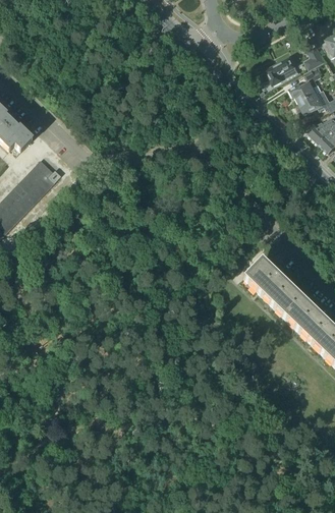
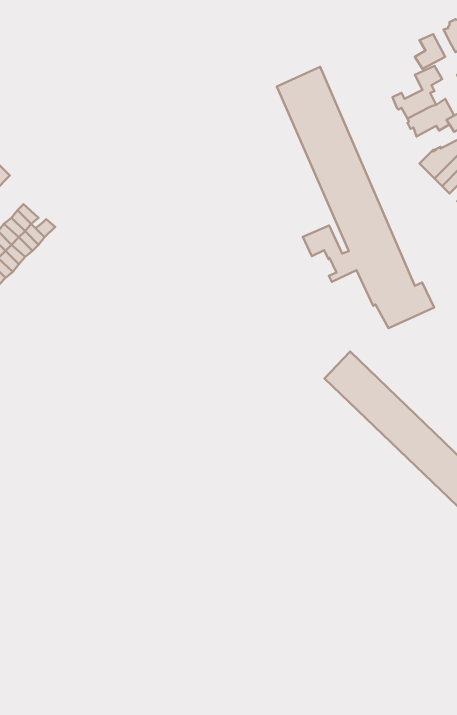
building: [264,57,296,84] -> none
building: none -> [277,67,434,328]

